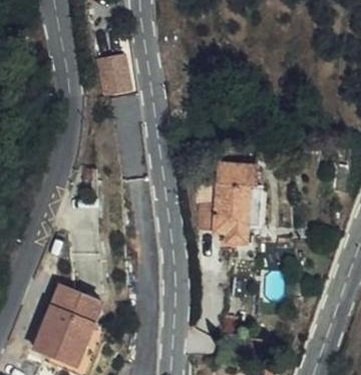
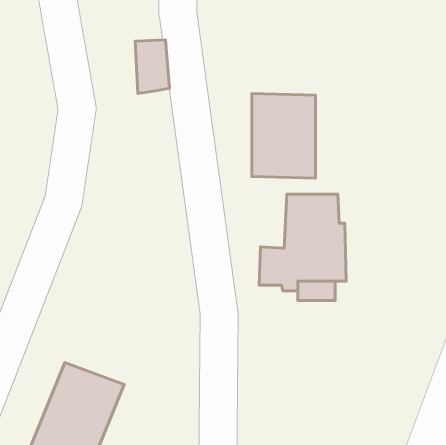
building: none -> [252,94,316,178]

